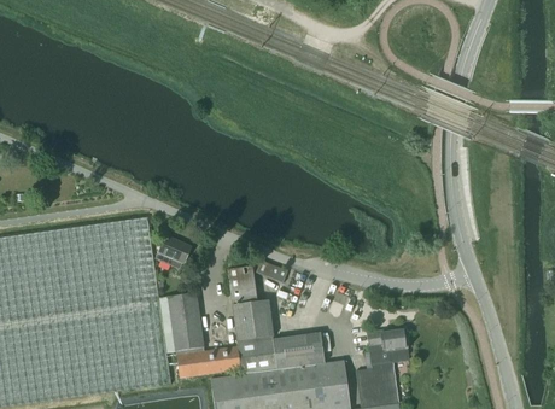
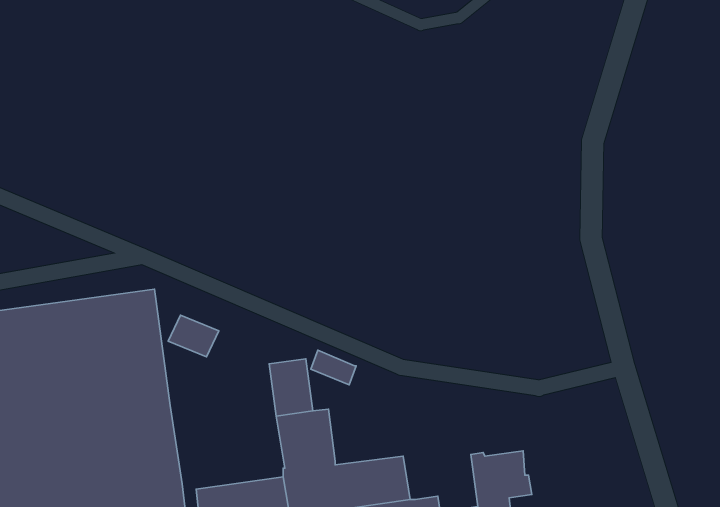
building: [158,292,204,351] -> none

